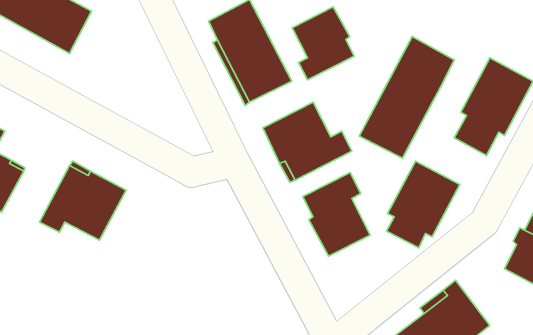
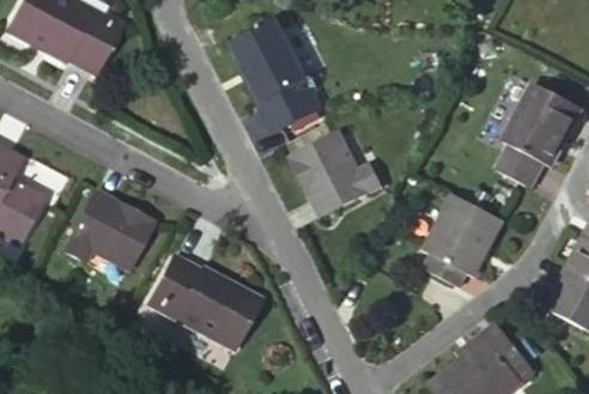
building: [292,7,354,80] -> none
building: [359,36,454,158] -> none
building: [303,173,370,256] -> none
building: none -> [140,254,251,345]

